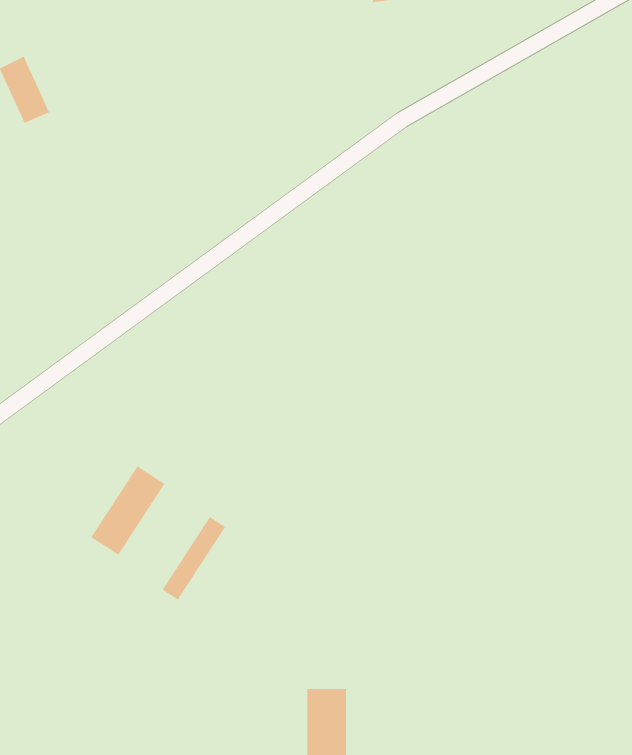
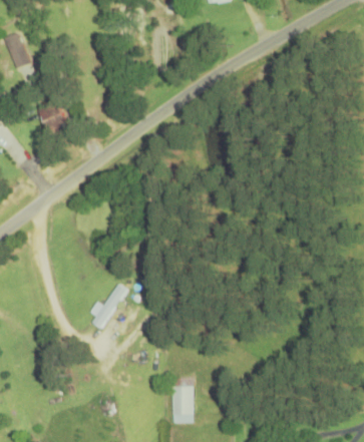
building: none -> [36,98,66,131]
building: [91,465,165,555] -> none

